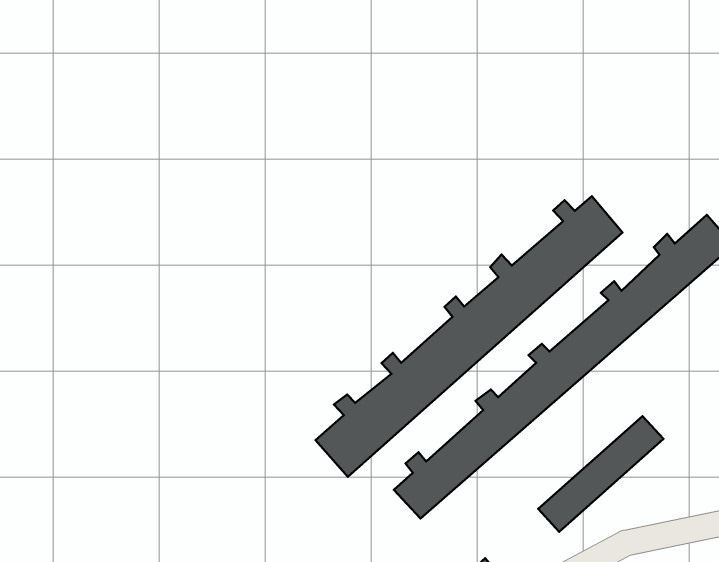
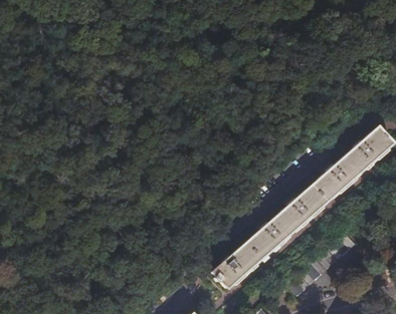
building: [315,196,622,477] -> none

